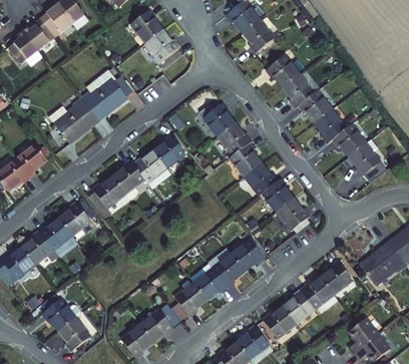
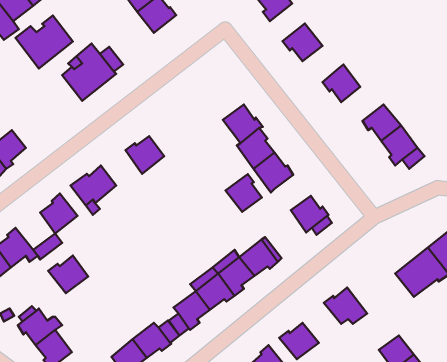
building: [284,72,315,106] -> none
building: [46,97,95,142] -> [15,16,73,68]
building: [202,103,234,135] -> none
building: [317,107,348,140] -> none
building: [152,132,185,166] -> none
building: [111,158,143,199] -> none
building: [260,180,291,213] -> [226,174,262,212]
building: [38,215,72,247] -> [48,255,88,293]
building: [322,263,354,296] -> none
building: [284,292,317,326] -> none

